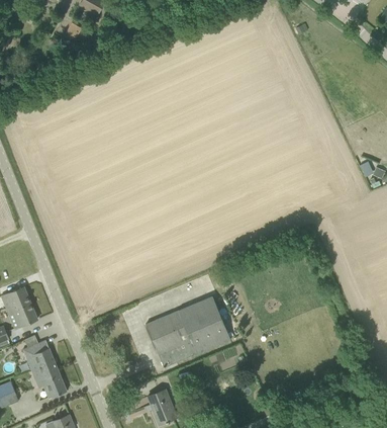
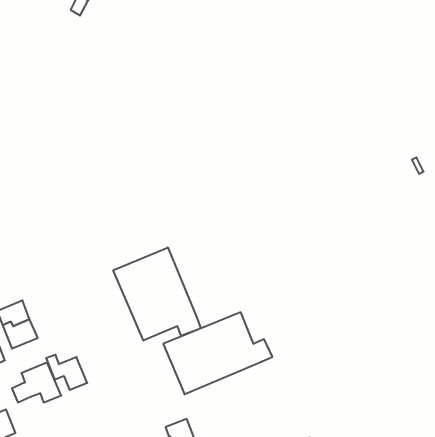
building: none -> [113,247,201,341]
building: [31,366,67,397] -> [46,355,87,390]

